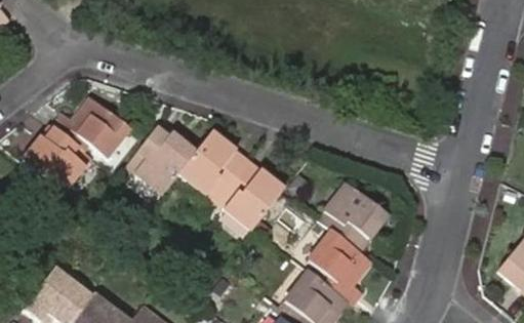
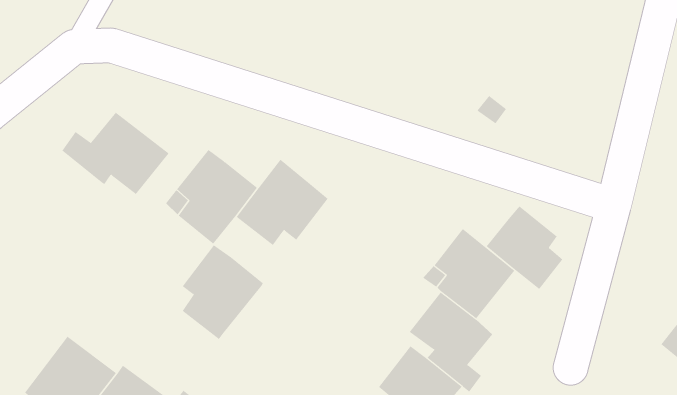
building: [23,126,86,195] -> none
building: [227,162,287,233] -> [182,245,263,340]
building: none -> [486,206,563,290]

